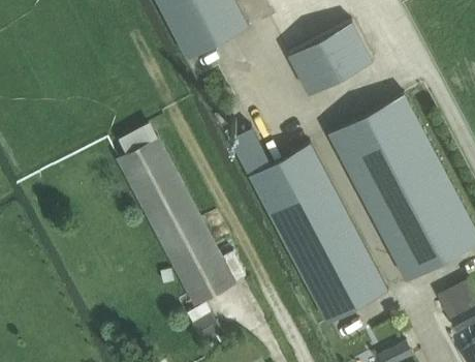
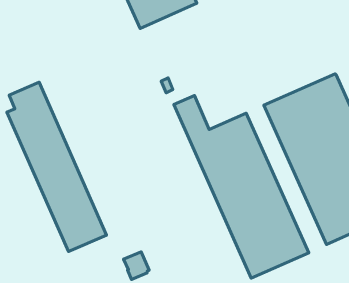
building: [289,23,373,96] -> none
building: [118,124,235,307] -> [7,82,107,251]

